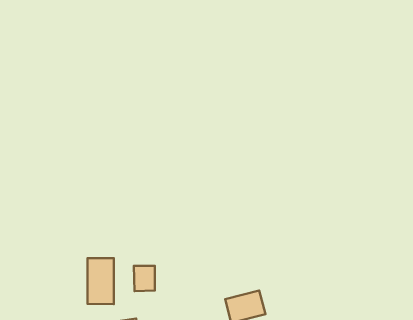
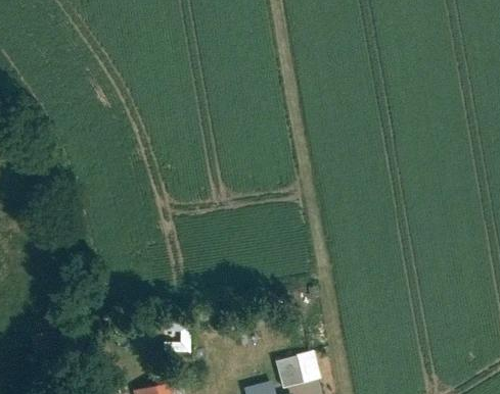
building: [87,258,114,304] -> none

